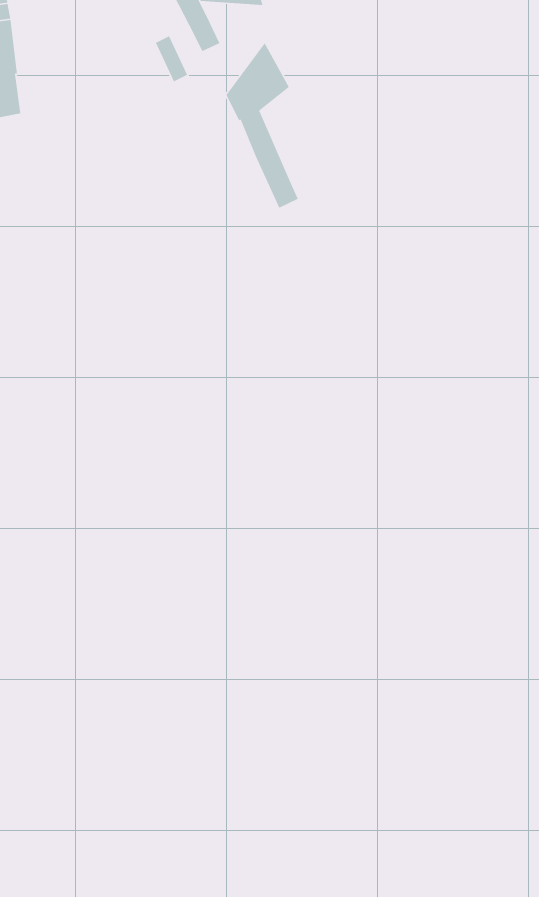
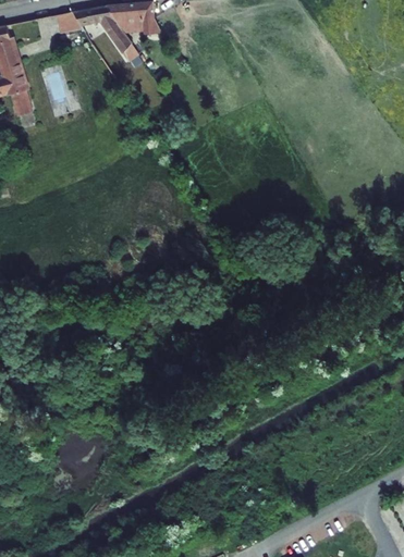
building: [225,42,299,209] -> none

